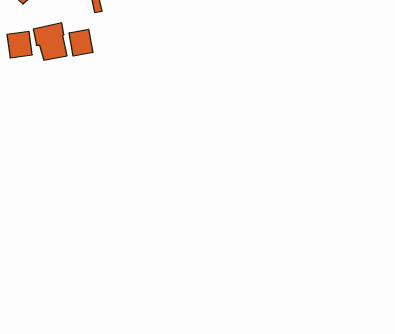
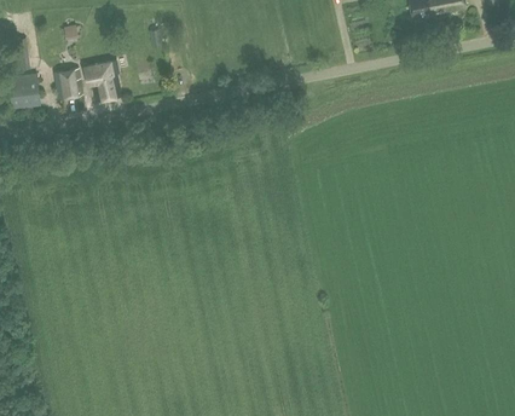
building: [69,29,93,56] -> none

